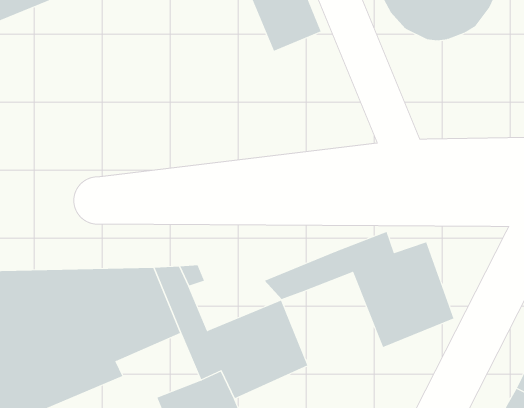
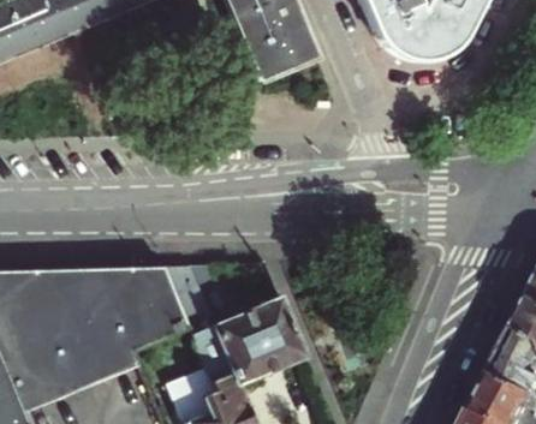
building: [264,231,454,348] -> none

